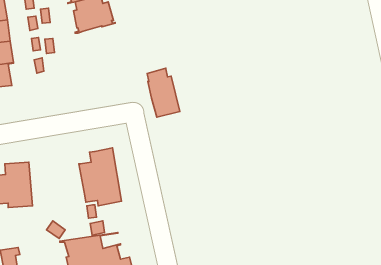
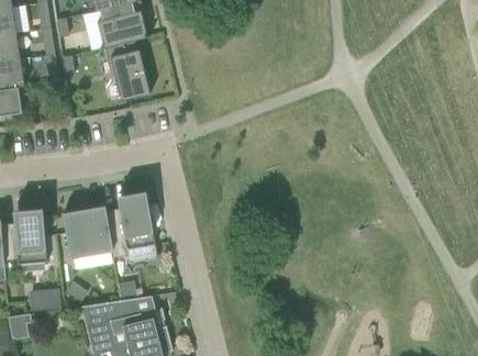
building: [147,68,180,117] -> [109,41,149,101]
building: none -> [59,207,111,257]
building: none -> [29,289,60,311]

